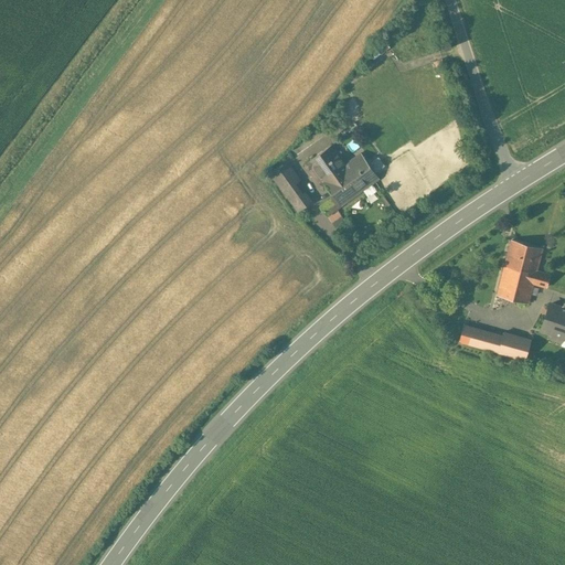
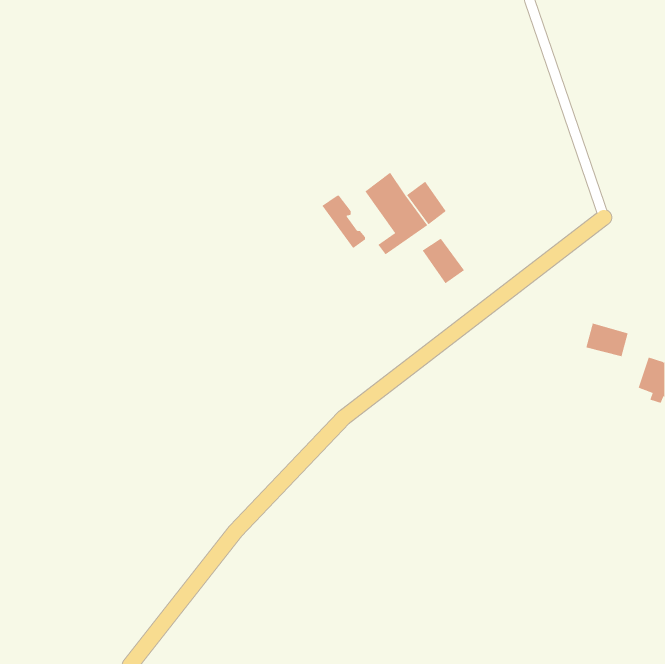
building: none -> [422,238,465,284]
building: [502,241,548,287] -> none
building: [459,326,531,360] -> none

